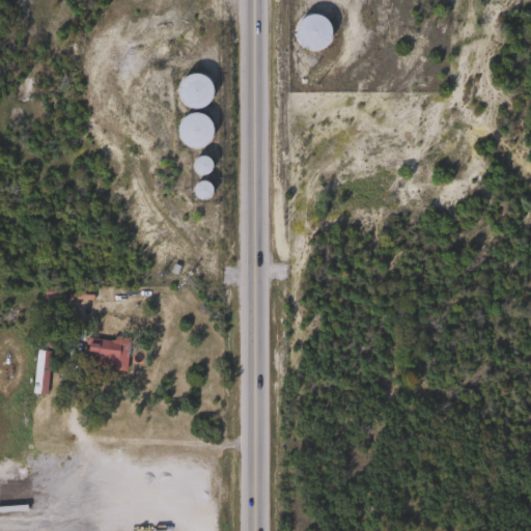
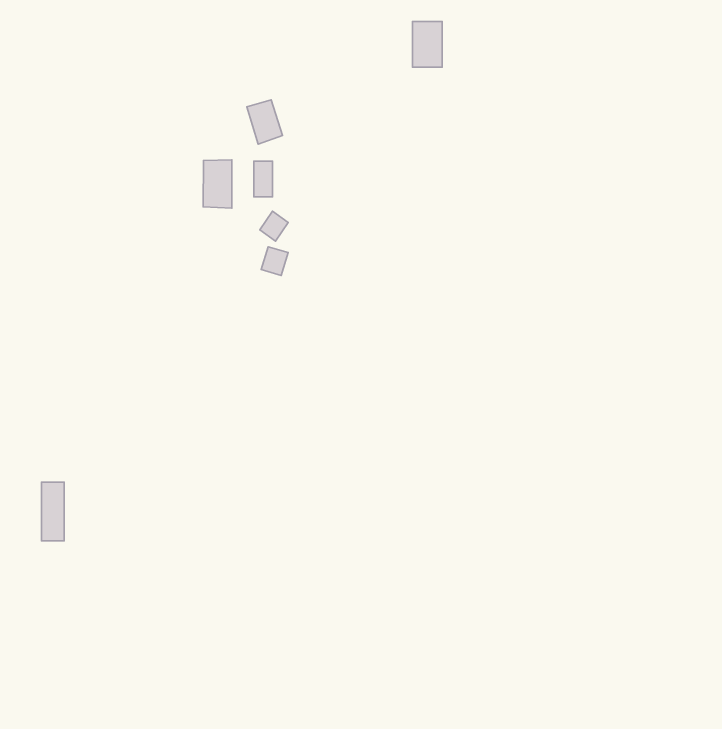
building: none -> [203,160,232,208]
building: [89,340,129,369] -> none

